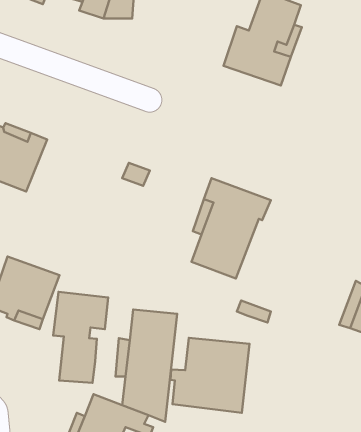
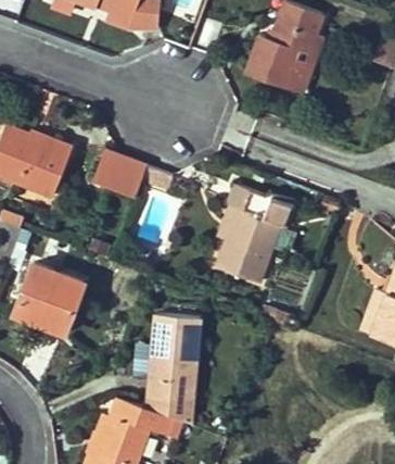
building: none -> [93,147,146,192]
building: [53,292,108,383] -> none
building: [170,338,249,413] -> none

